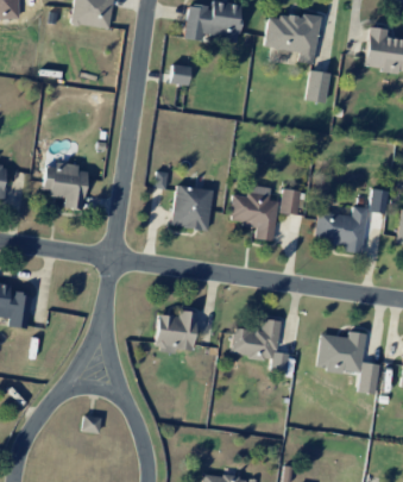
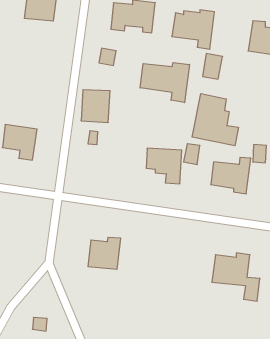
building: none -> [140,63,189,103]
building: none -> [192,94,238,146]
building: [174,187,212,230] -> [81,90,110,123]
building: [231,319,289,373] -> none

